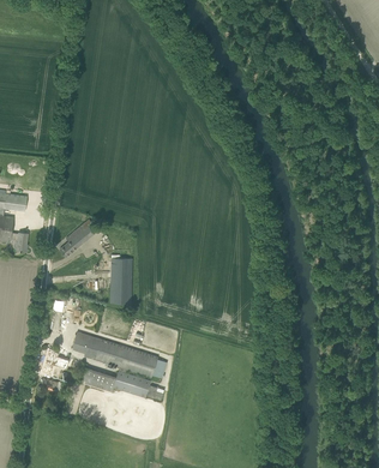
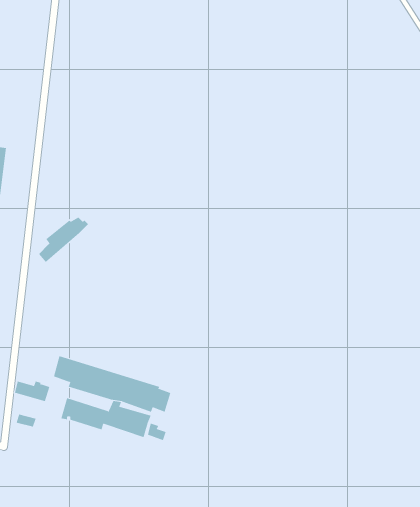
building: [110,254,132,304] -> none

